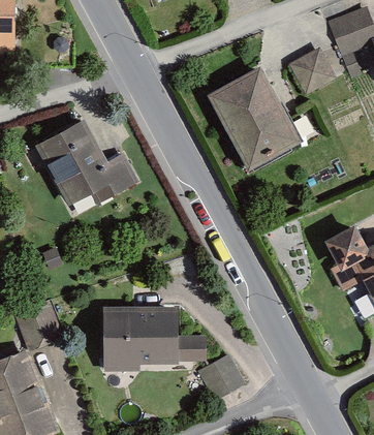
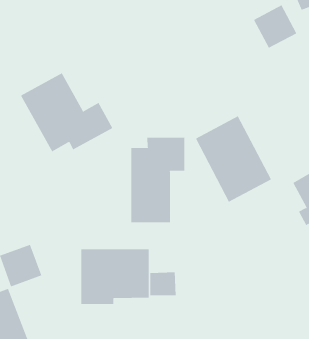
building: [214,68,297,162] -> [195,115,272,203]
building: none -> [131,137,185,223]
building: [198,354,243,399] -> none

